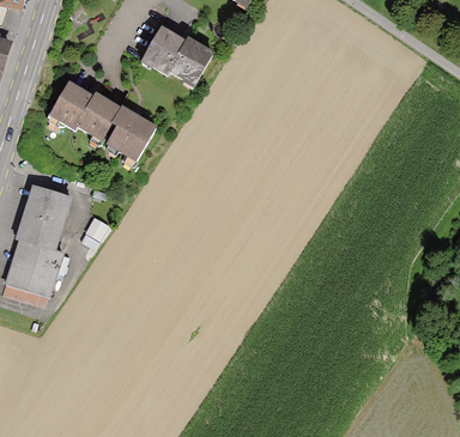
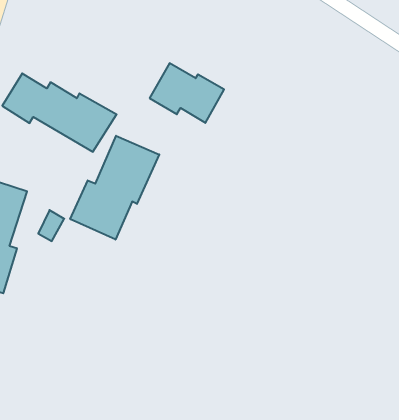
building: [140,26,212,84] -> [150,63,224,123]
building: none -> [70,136,159,240]

